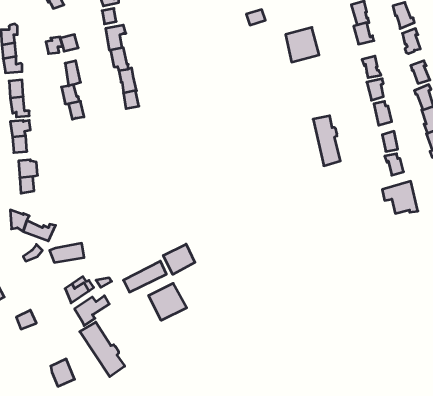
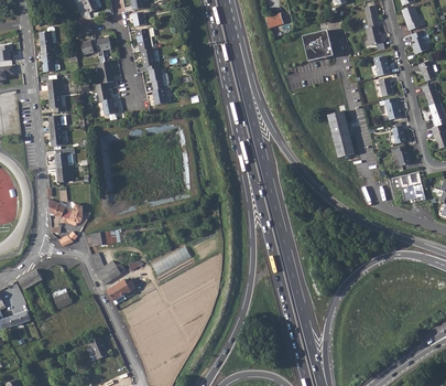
building: [163,244,195,274] -> none
building: [149,283,187,320] -> none
building: [80,322,125,377] -> none

